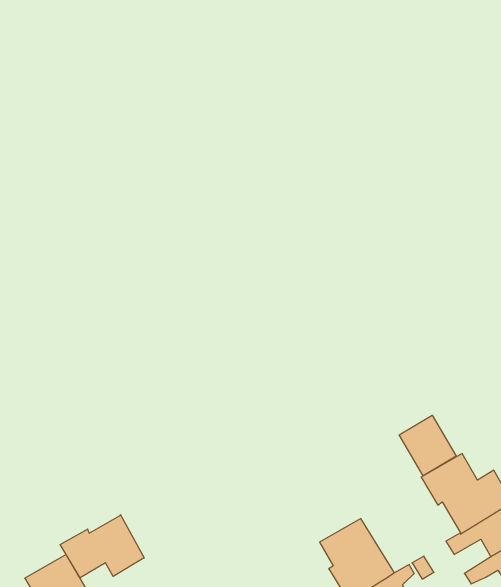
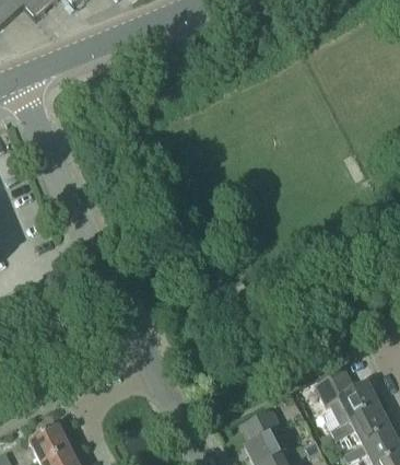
building: [399,415,456,476] -> none
building: [60,515,144,578] -> none

